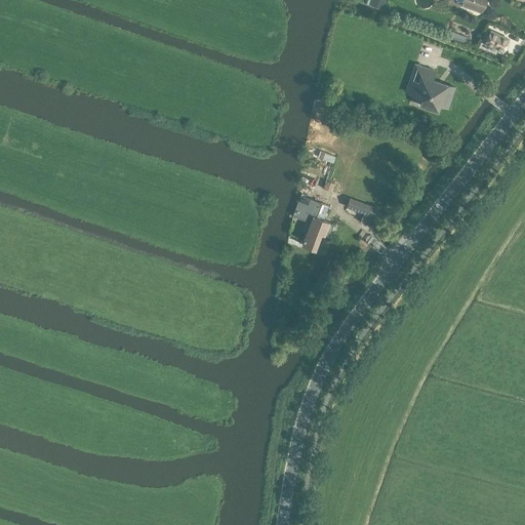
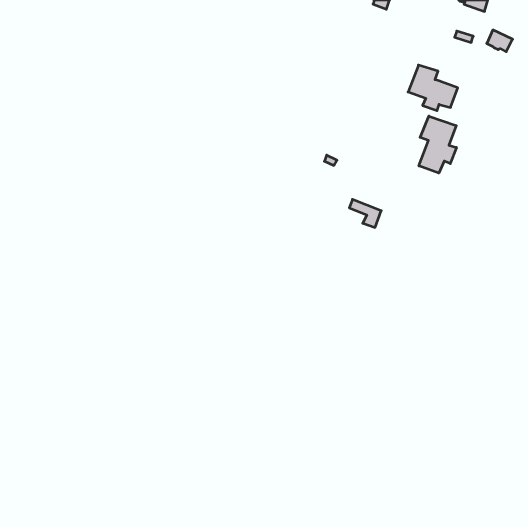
building: none -> [419,116,456,173]
building: [292,196,333,249] -> none

